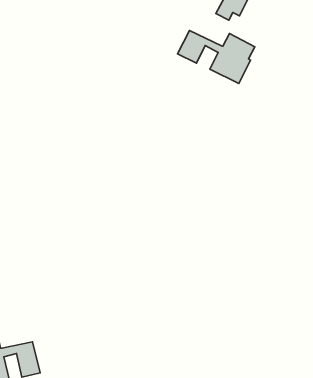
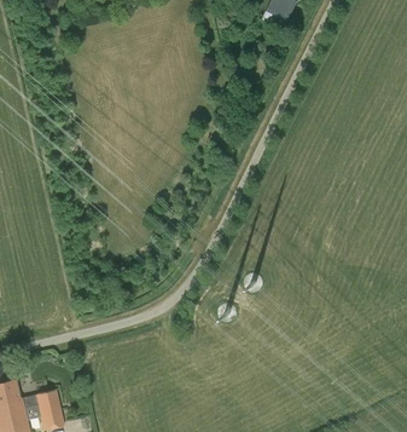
building: [178,31,255,83] -> none

